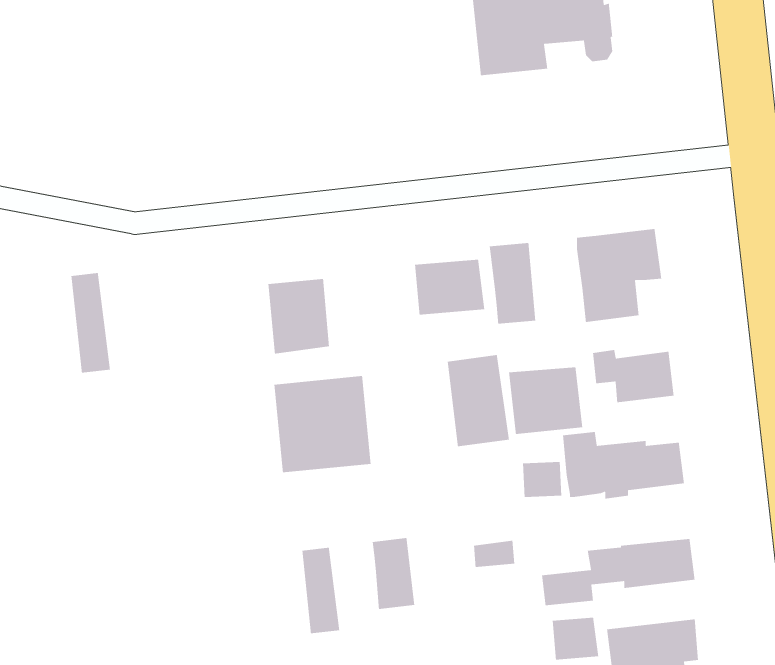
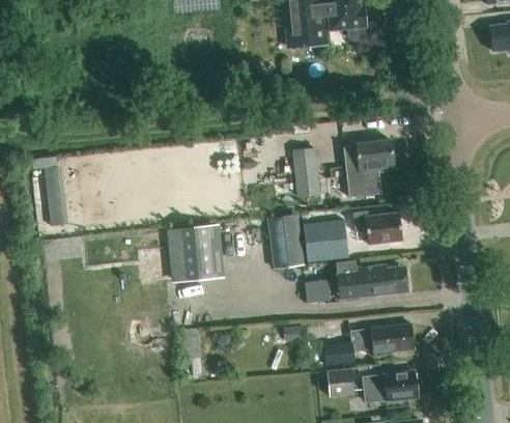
building: [414,259,485,315] -> none
building: [268,278,330,354] -> none
building: [372,537,415,610] -> none

